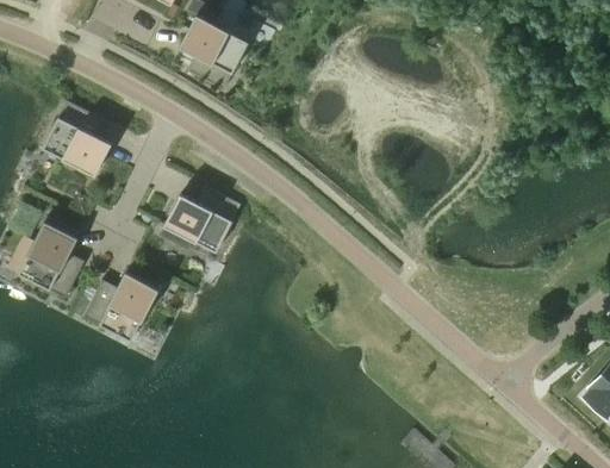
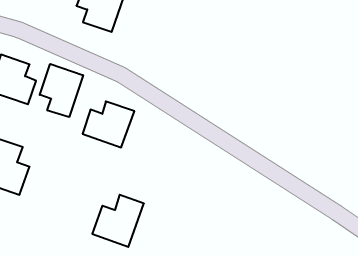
building: none -> [40,64,83,117]
building: [82,268,160,342] -> [92,195,144,247]

